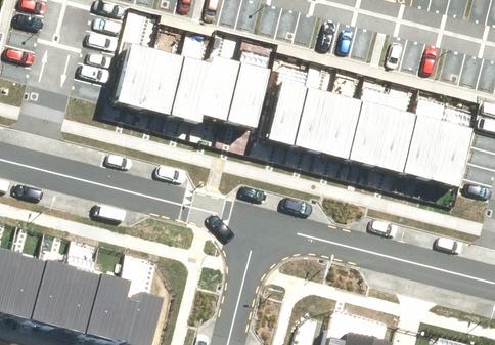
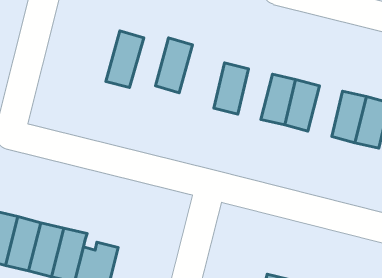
building: [118,41,161,106] -> none
building: [172,56,215,122] -> none
building: [229,64,272,127] -> none
building: [297,92,336,150] -> none
building: [377,112,417,170] -> none

